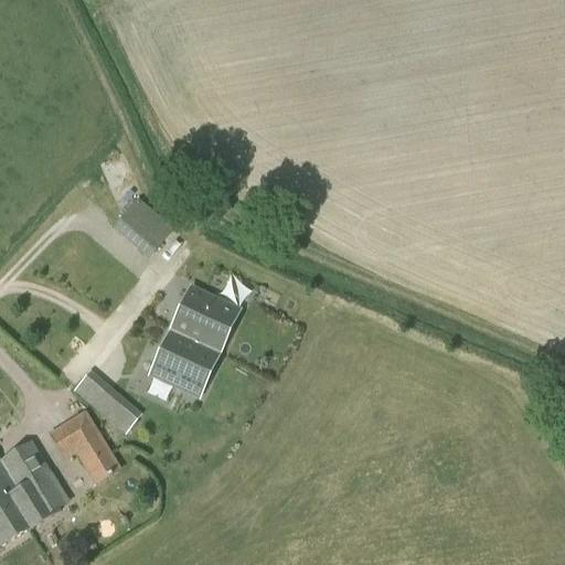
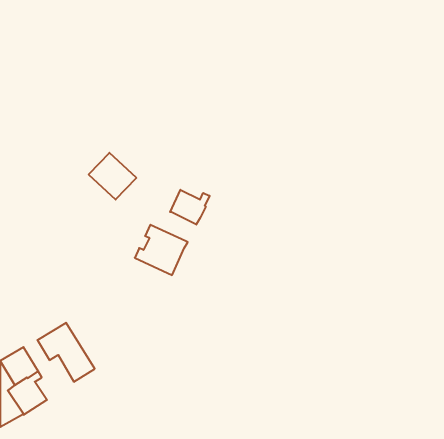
building: none -> [170,190,210,225]
building: [150,328,218,394] -> none
building: [74,365,141,429] -> none

